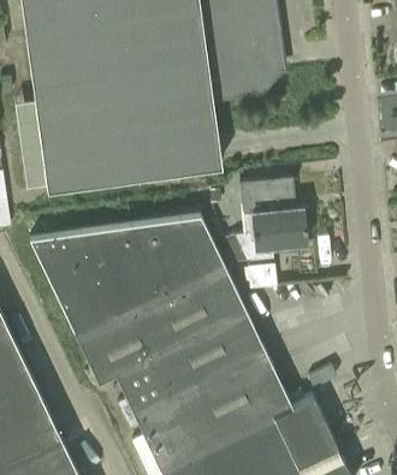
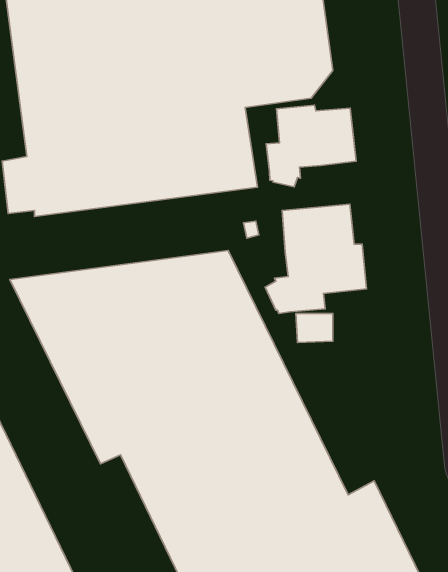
building: none -> [266,105,356,187]

